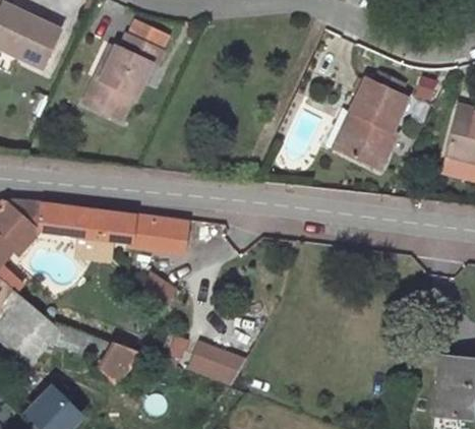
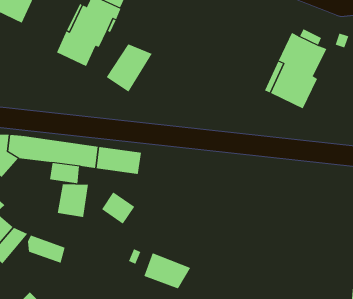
building: none -> [106,44,153,92]
building: none -> [57,184,88,218]
building: [100,343,141,382] -> none

